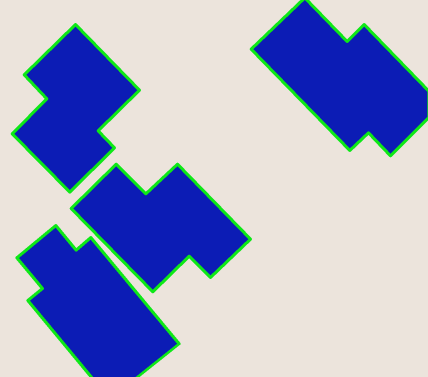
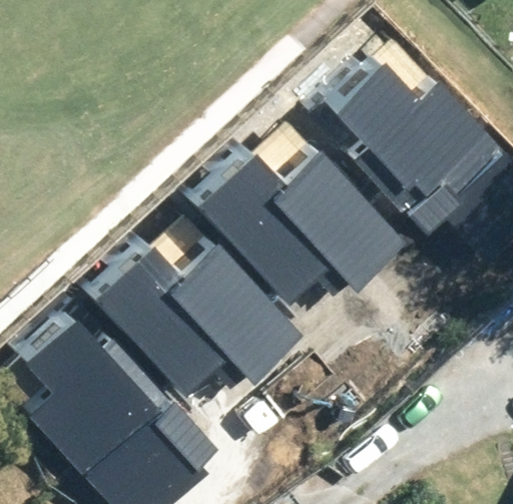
building: [12,25,140,192] -> none
building: none -> [199,151,409,302]

